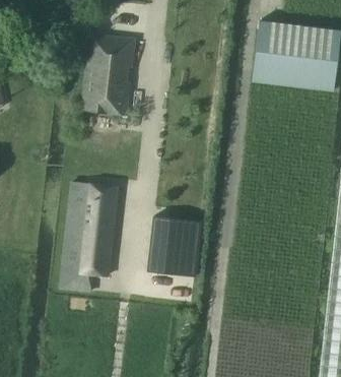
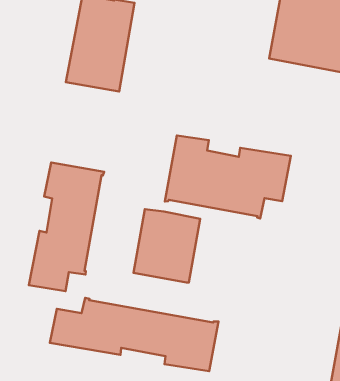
building: none -> [165,135,291,219]
building: none -> [50,298,218,371]

